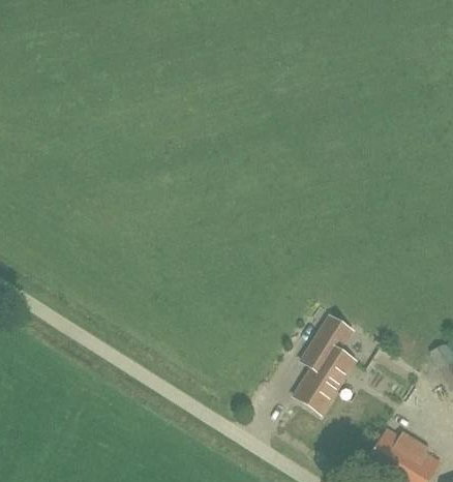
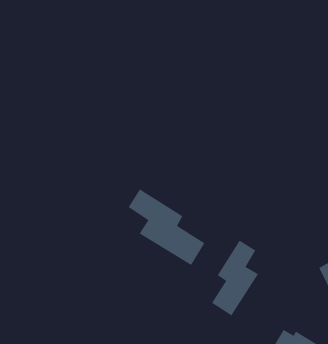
building: none -> [128,189,205,266]

